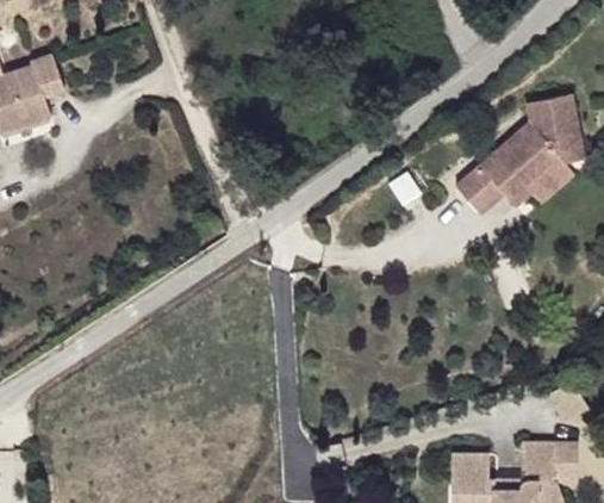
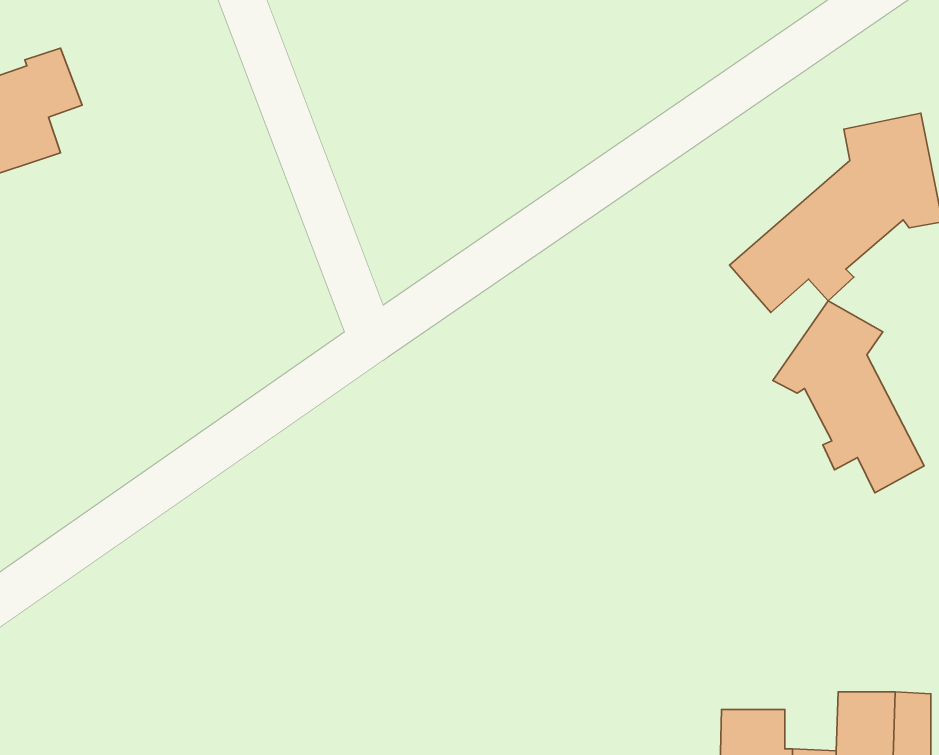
building: none -> [773,301,924,493]

